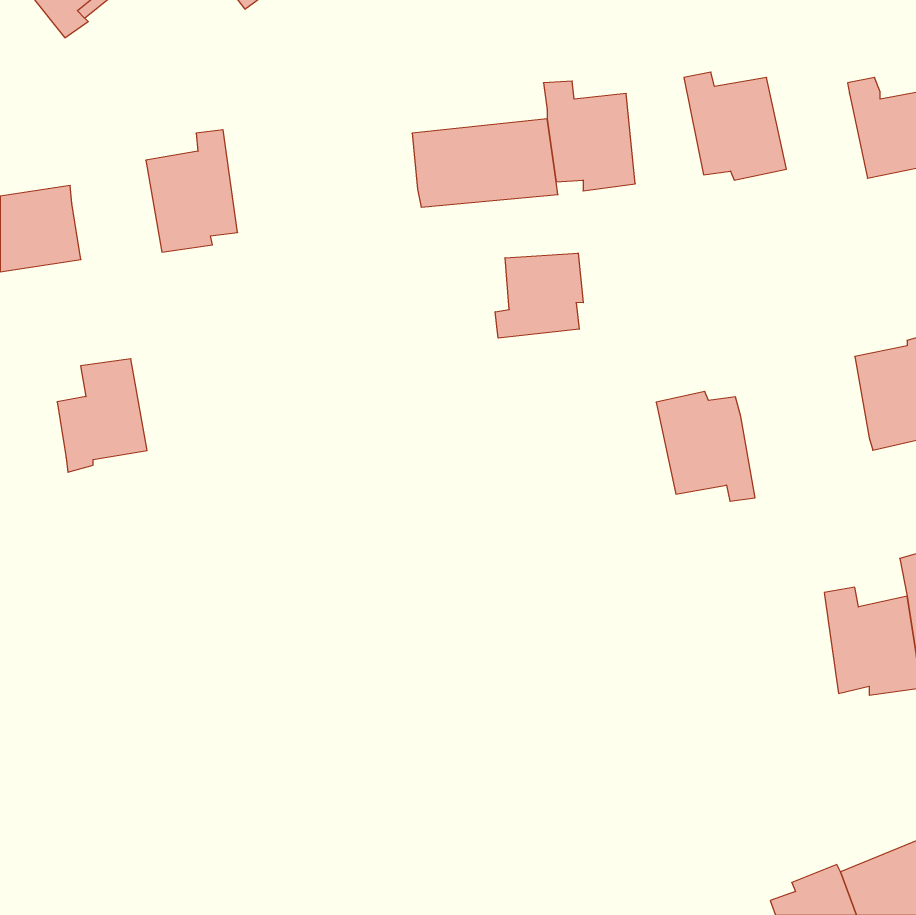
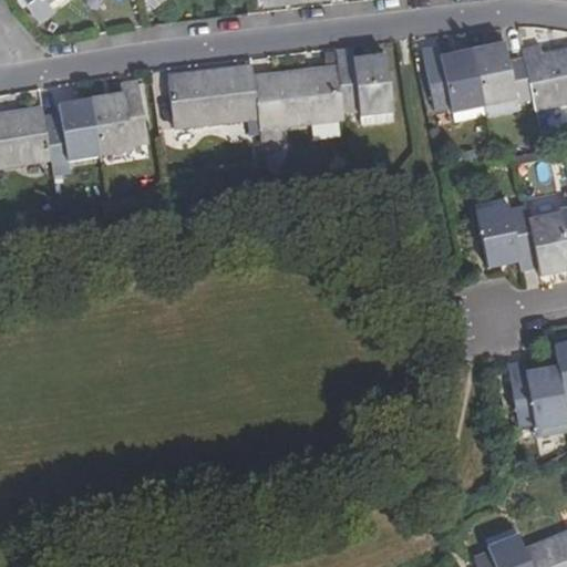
building: none -> [474,41,534,104]
building: none -> [169,72,259,126]
building: [495,253,583,338] -> none
building: [57,359,147,472] -> [47,99,102,168]
building: [656,391,755,501] -> [476,204,537,271]

